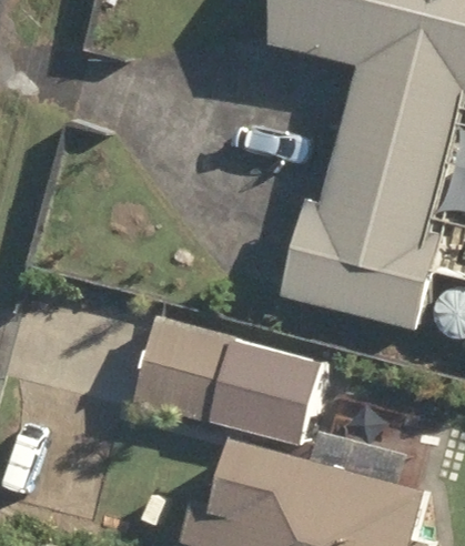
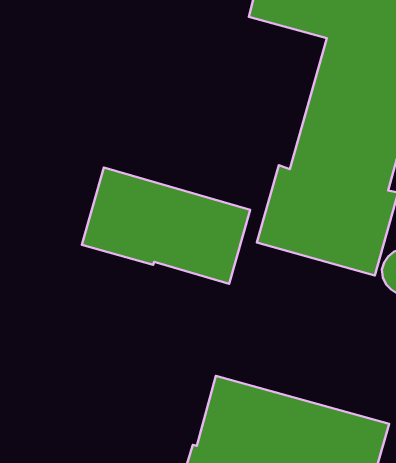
building: [133,314,320,443] -> [82,168,250,284]

